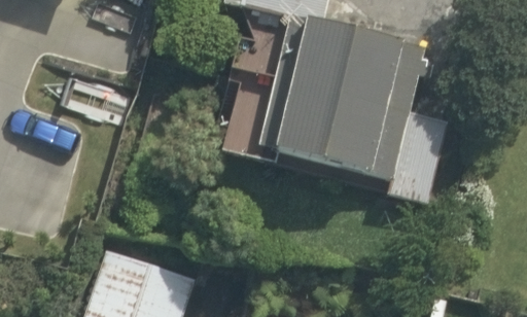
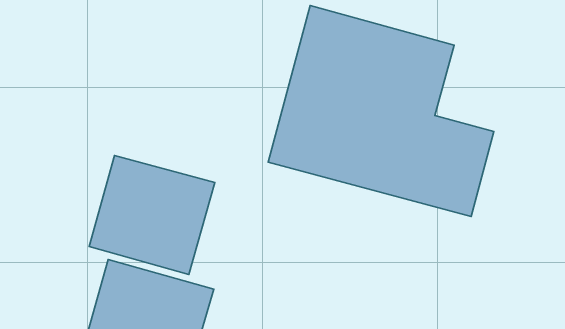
building: none -> [89,155,215,274]

